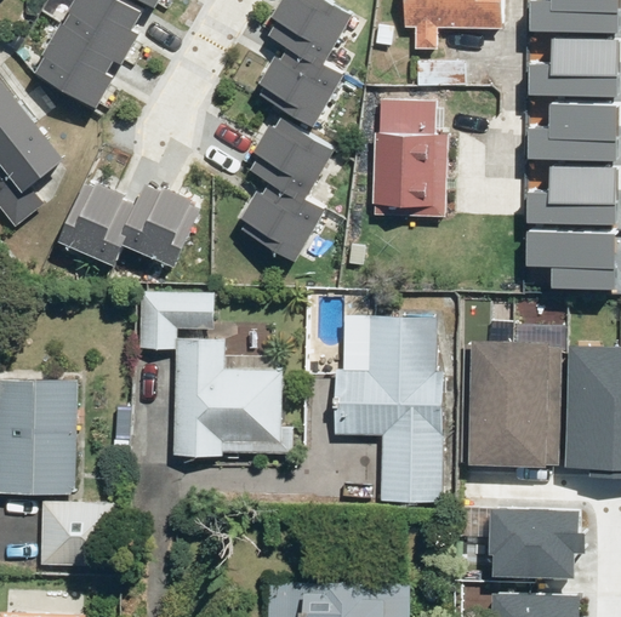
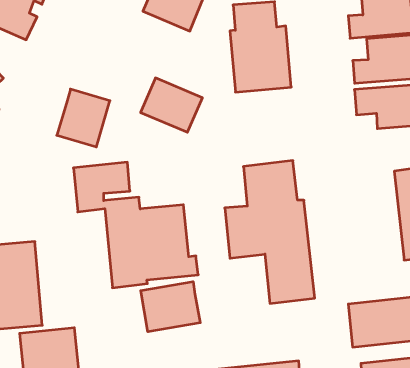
building: [244,110,335,201] -> none
building: [58,178,141,264] -> none
building: [466,336,552,464] -> none
building: none -> [141,282,200,332]

